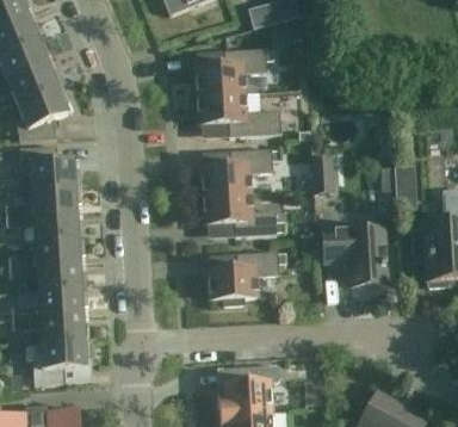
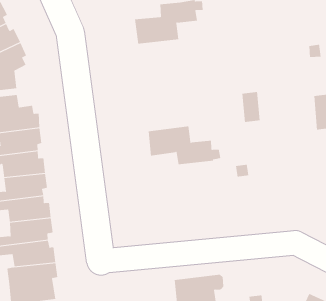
building: [196,93,287,136] -> none
building: [200,148,279,196] -> none
building: [321,223,385,285] -> none
building: [206,250,285,305] -> none

